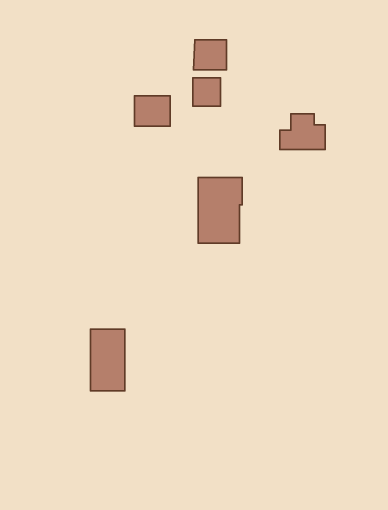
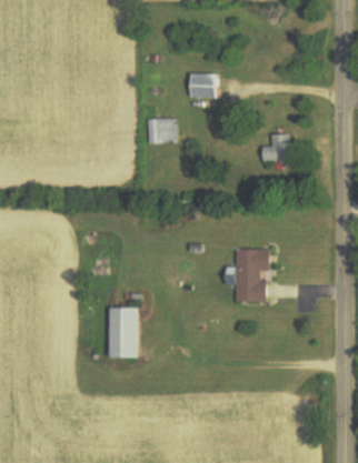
building: [193,78,220,106] -> none
building: [198,177,242,243] -> [231,249,267,302]

